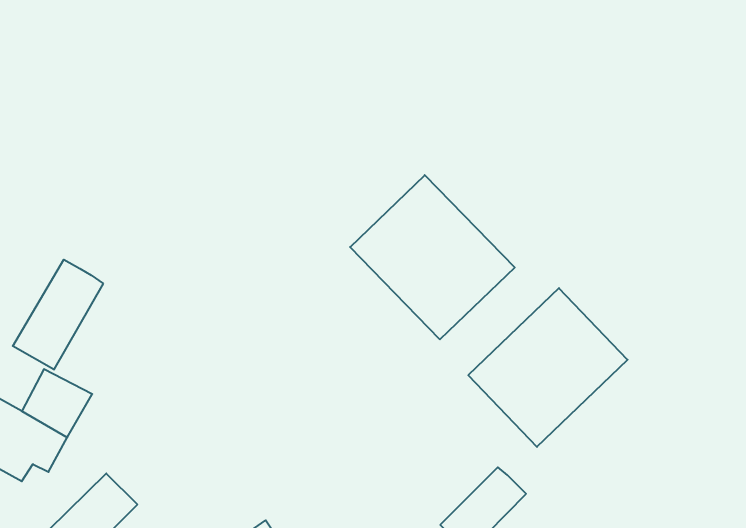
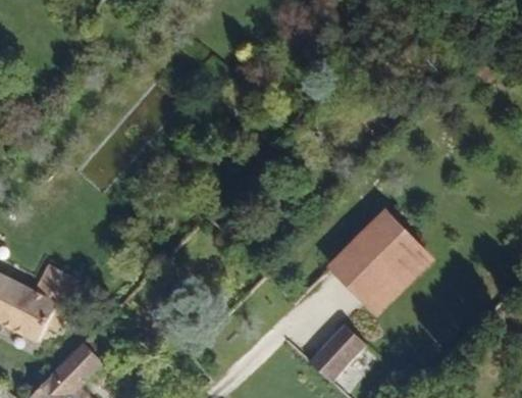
building: [350,175,515,339] -> none
building: [13,260,103,370] -> none

